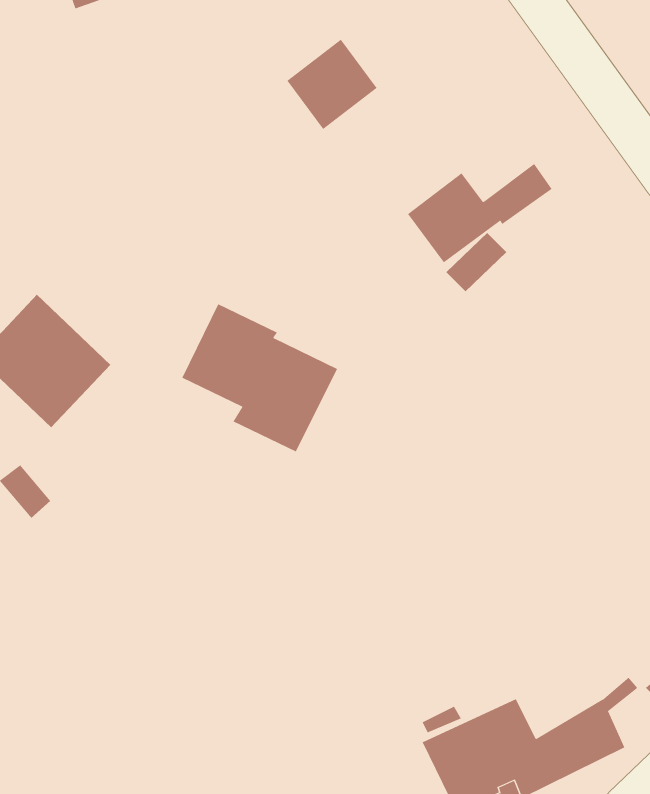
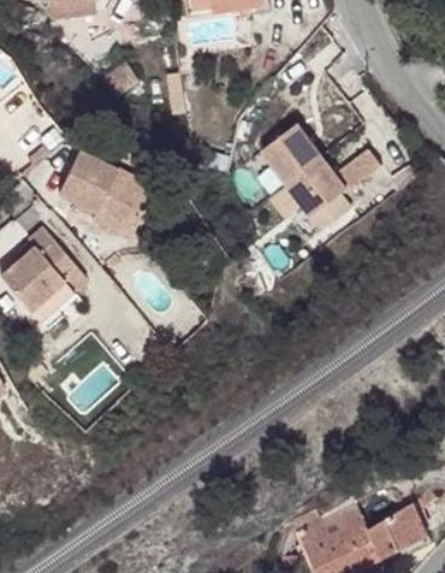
building: [287,39,377,130] -> [259,122,319,182]
building: [182,303,338,452] -> [54,146,158,244]

